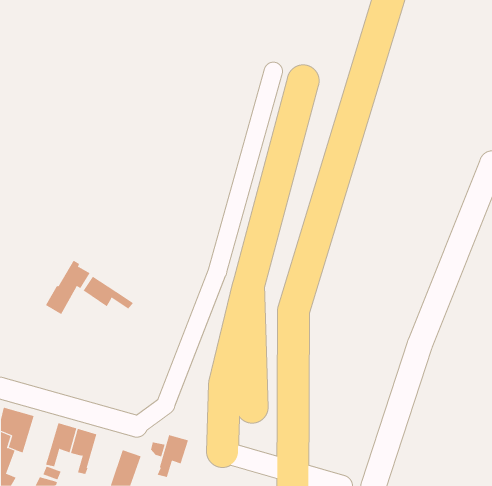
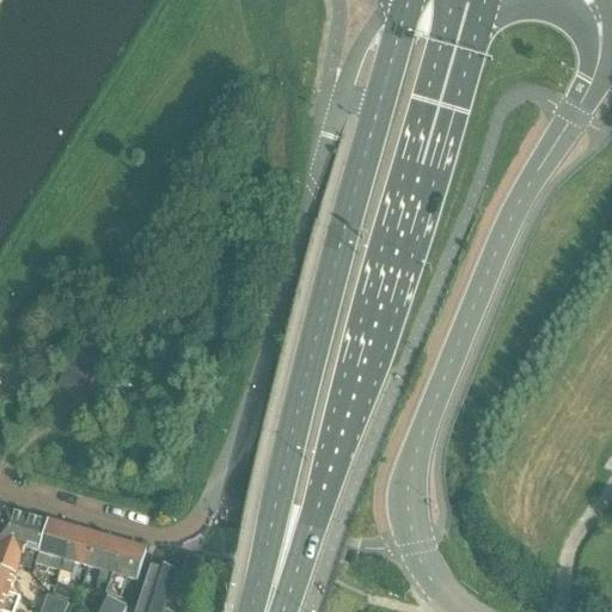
building: [83,276,134,310] -> none
building: none -> [35,518,72,565]
building: [157,434,189,478] -> [106,539,146,593]

